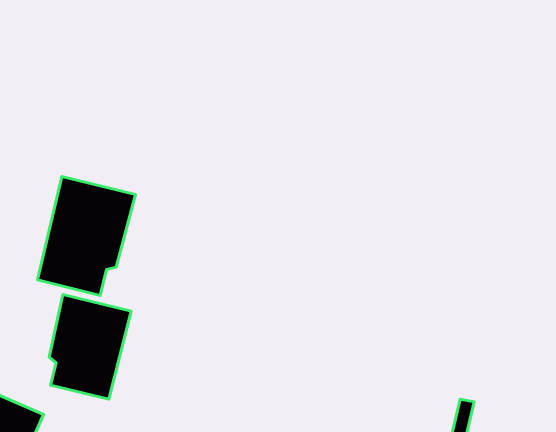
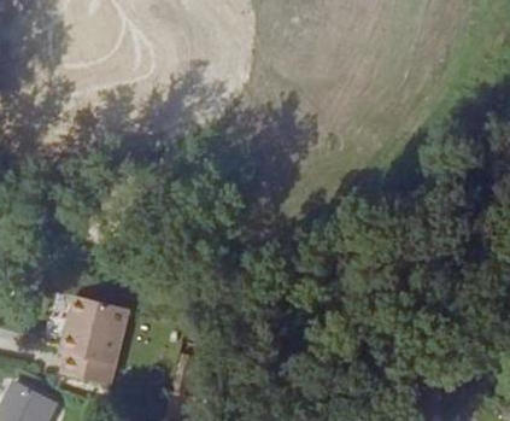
building: [38,177,135,296] -> none

